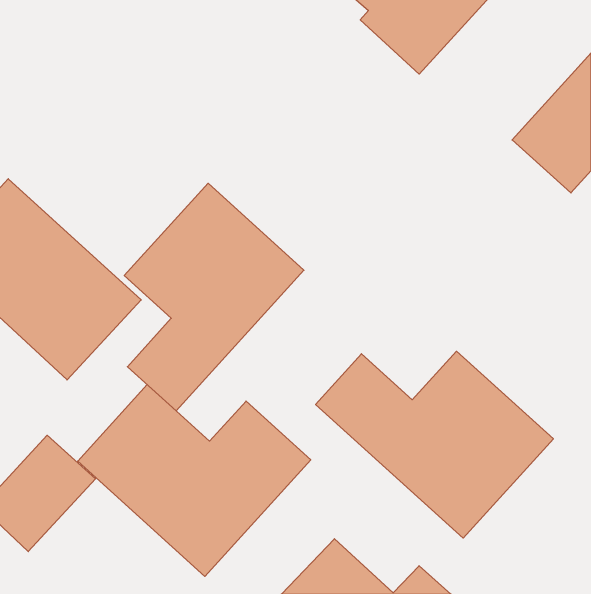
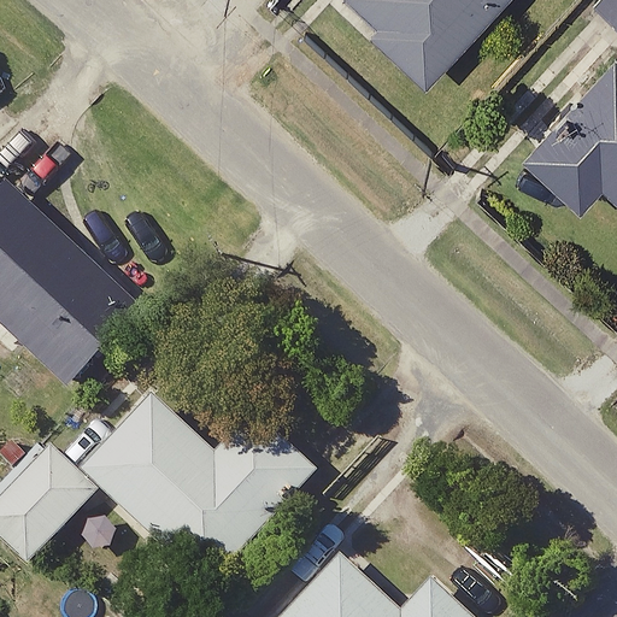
building: [124,183,304,411] -> none
building: [316,351,553,538] -> none

